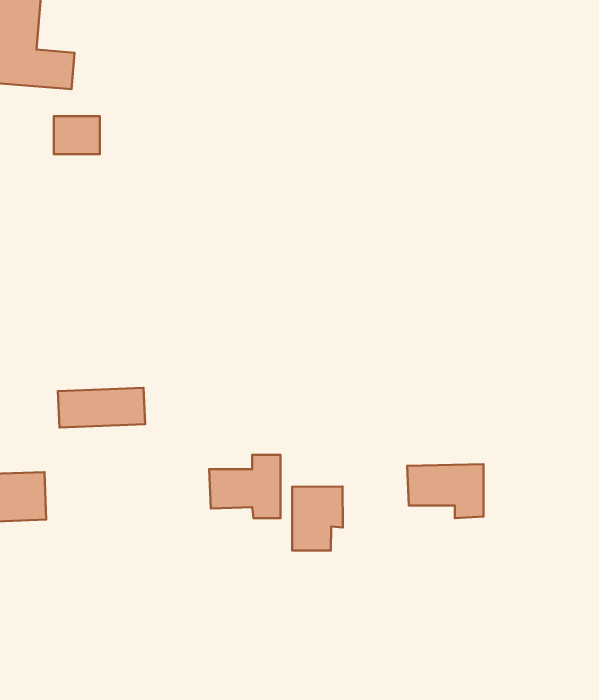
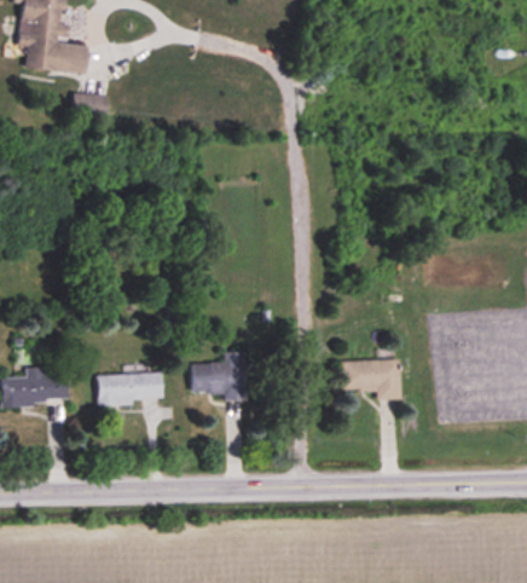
building: [58,388,145,427] -> [97,373,163,403]
building: [292,487,343,551] -> none

